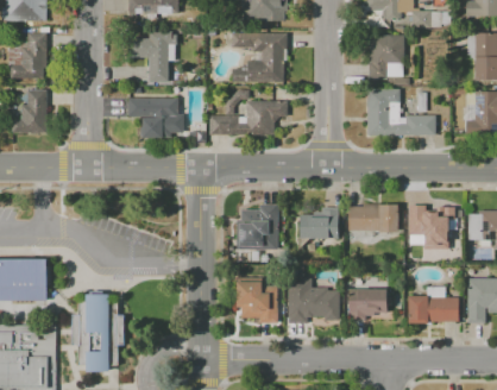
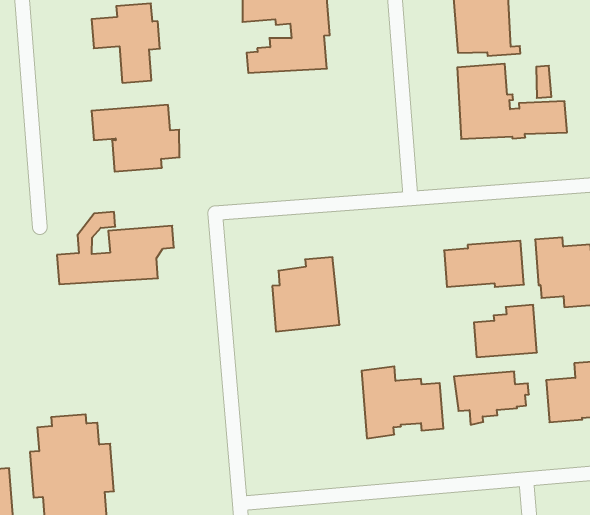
building: [210,90,287,136] -> [57,212,174,284]
building: [300,208,339,239] -> [474,305,537,357]
building: [234,278,277,325] -> none

